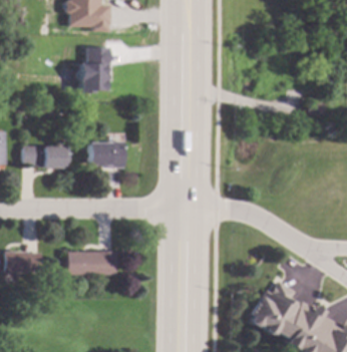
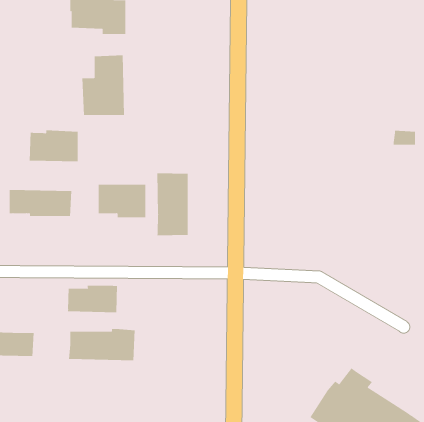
building: none -> [29,129,78,162]
building: none -> [157,173,188,236]
building: none -> [68,285,117,313]

